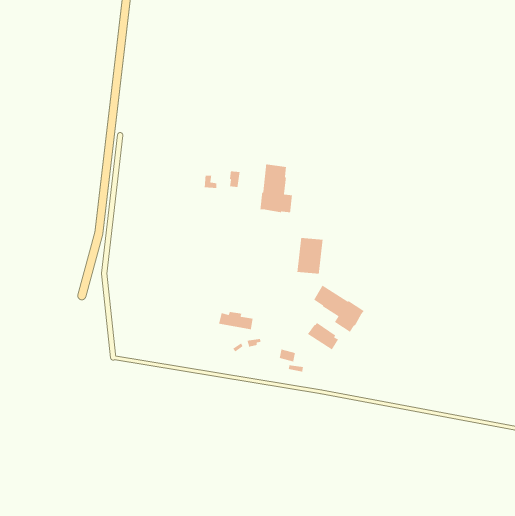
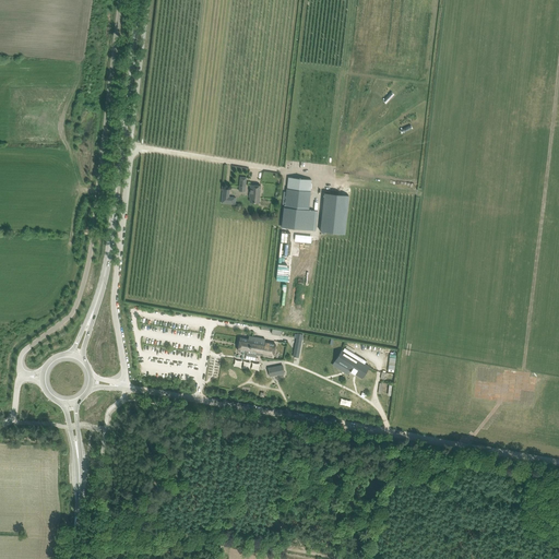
building: [296,237,324,274] -> [319,193,348,234]
building: [313,284,365,333] -> none

